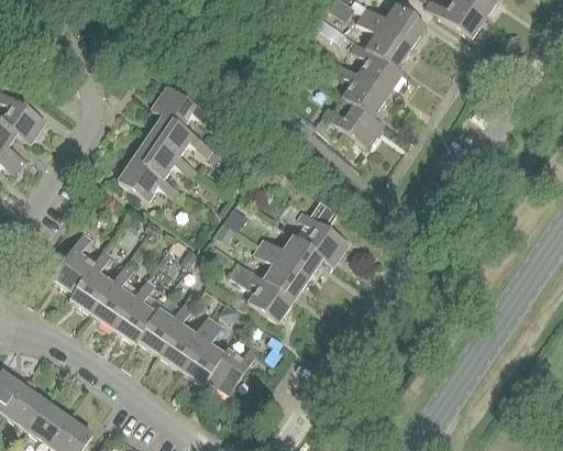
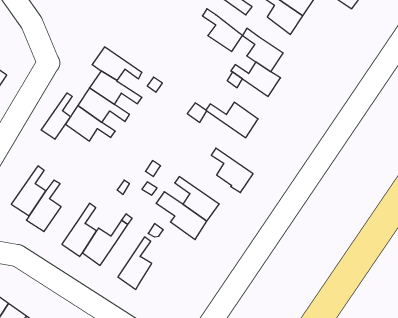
building: [351,40,400,92] -> [202,9,242,51]
building: none -> [41,93,72,139]
building: [258,235,323,279] -> [206,102,258,138]
building: [91,264,134,329] -> none
building: [161,315,216,370] -> none
building: [208,343,262,394] -> none

